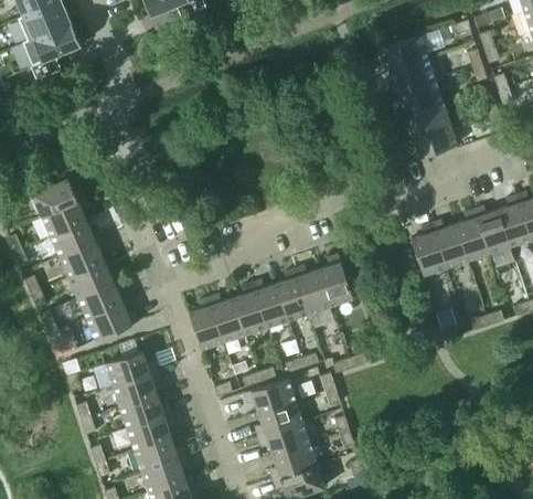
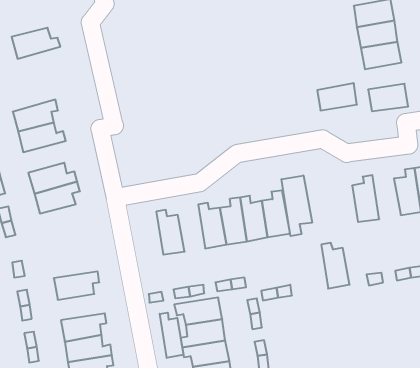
building: [405,100,449,135] -> [317,83,357,110]
building: [31,179,84,216] -> [12,28,60,59]
building: [430,221,467,269] -> [321,243,350,289]
building: none -> [282,175,312,236]
building: [58,238,106,278] -> none
building: [232,284,266,336] -> none
building: [189,298,223,350] -> none
building: [86,304,139,341] -> none
building: [105,351,157,385] -> none
building: [119,395,171,428] -> none
building: none -> [160,313,184,358]

